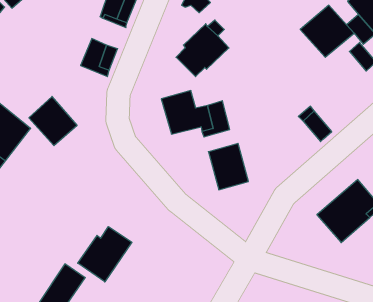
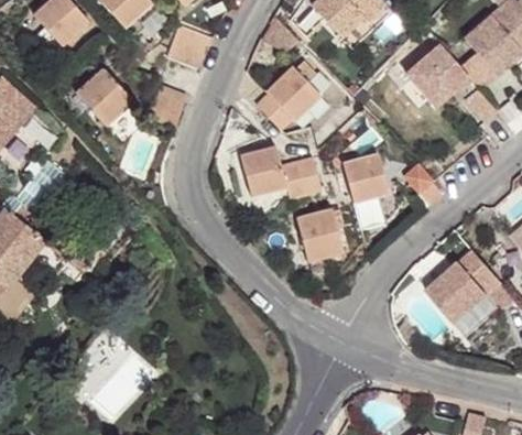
building: [29,96,77,146] -> [76,68,133,127]
building: none -> [342,154,389,203]
building: [78,227,132,282] -> none

